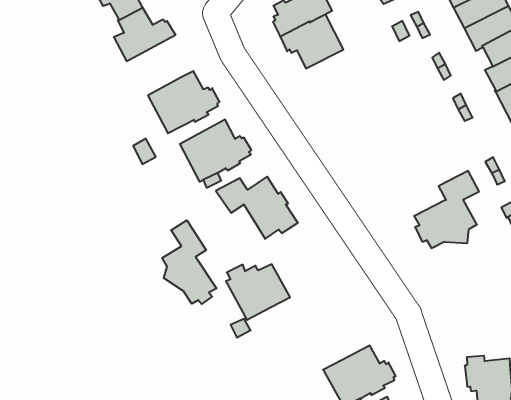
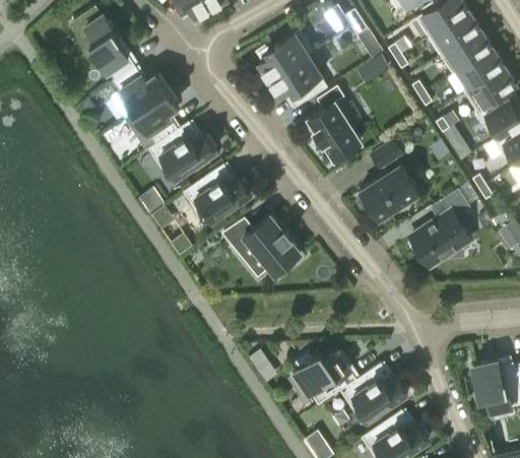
building: none -> [125,89,178,150]
building: none -> [308,85,361,159]
building: none -> [360,140,419,220]
building: [162,220,216,304] -> none
building: [226,264,290,320] -> [295,350,356,405]

